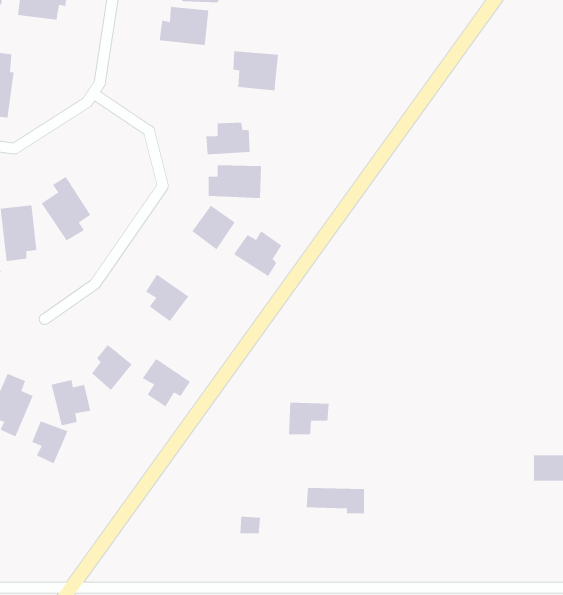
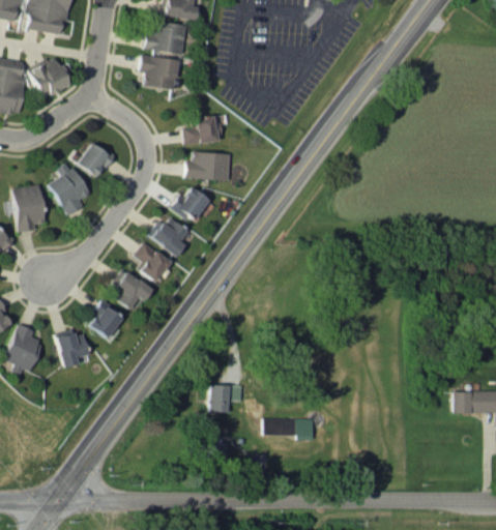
building: none -> [31,58,68,97]
building: [232,51,279,91] -> [142,56,180,89]
building: none -> [77,141,115,176]
building: [233,230,282,277] -> [148,217,188,256]
building: [142,358,191,407] -> [112,269,152,310]
building: [288,402,330,435] -> [212,385,246,412]
building: [31,420,68,464] -> none

